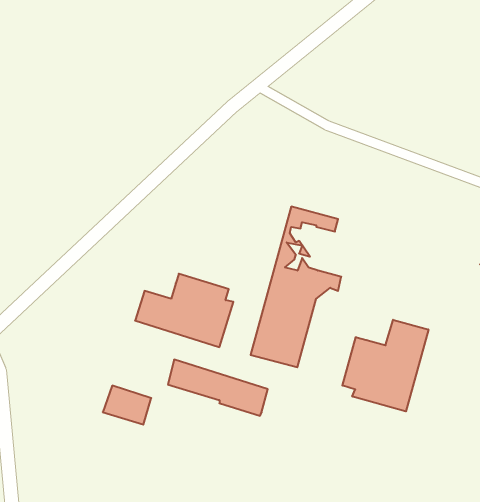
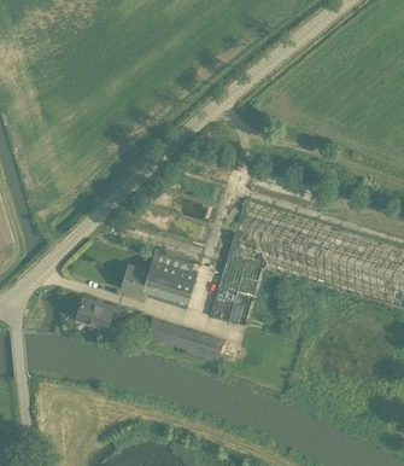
building: [342,320,428,411] -> none
building: [103,386,151,425] -> [74,298,111,328]

